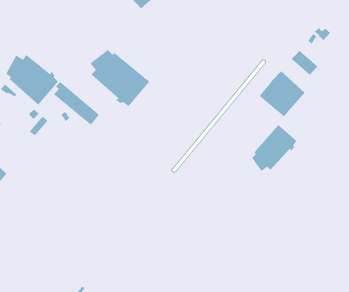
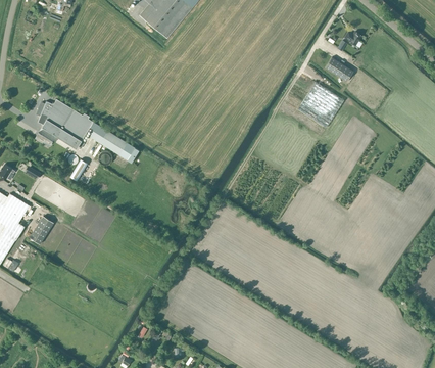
building: [89,49,150,107] -> none
building: [251,124,297,172] -> none

